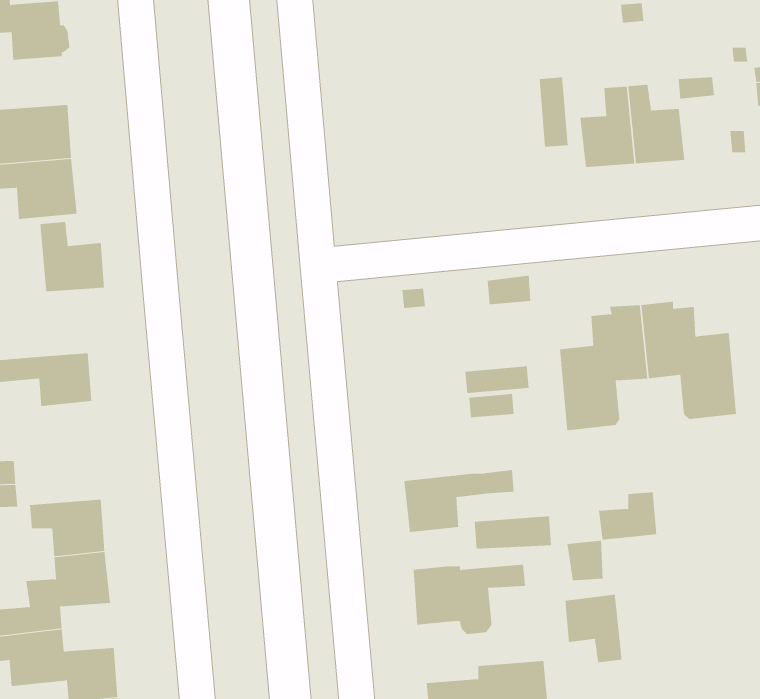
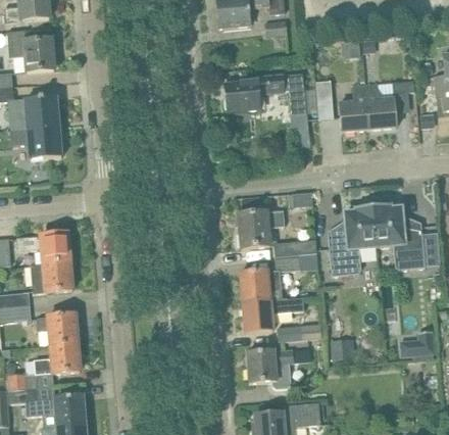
building: none -> [226,74,306,129]
building: [40,221,104,292] -> none
building: none -> [239,210,285,248]
building: none -> [31,259,73,293]
building: none -> [240,271,281,303]
building: [598,492,657,540] -> [400,328,433,354]
building: [565,594,622,663] -> none

